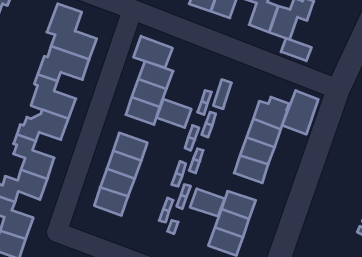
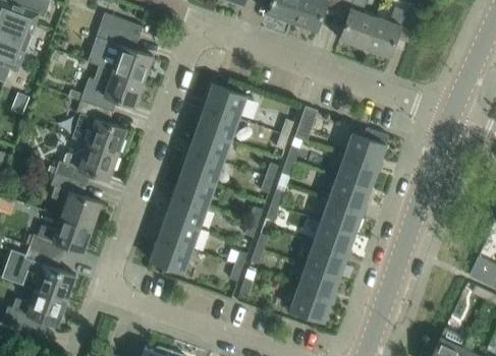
building: [134,36,172,68] -> none
building: [281,38,311,61] -> none
building: [282,90,318,134] -> none
building: [156,99,191,128] -> [180,150,223,184]
building: [190,189,225,216] -> [313,221,355,254]

